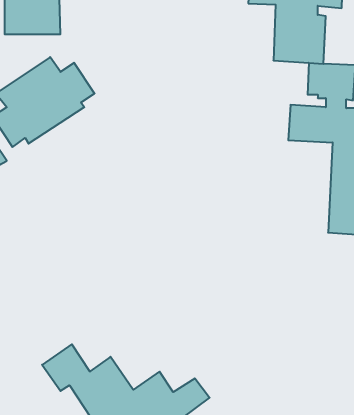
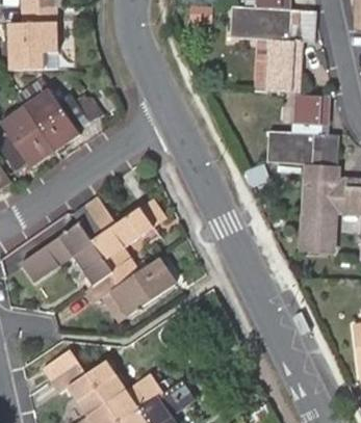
building: none -> [19,193,173,315]

